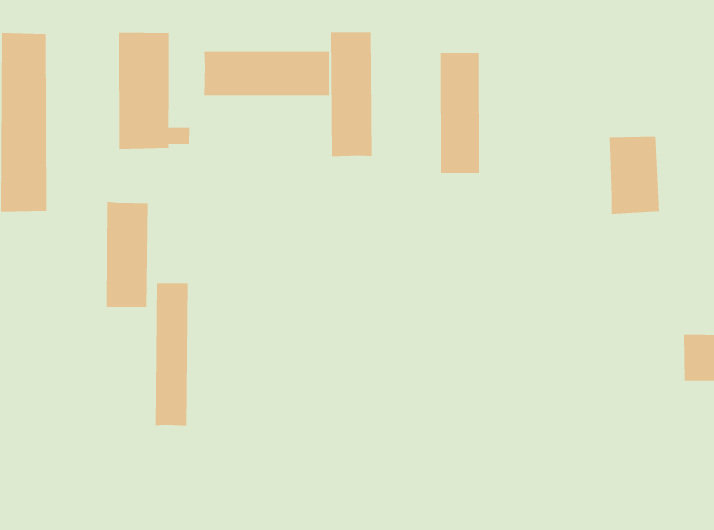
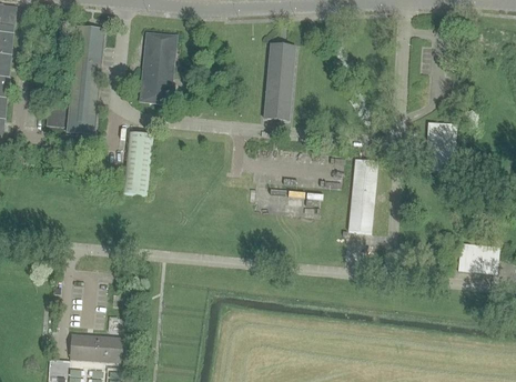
building: [204,51,330,96] -> none
building: [440,52,480,174] -> [348,159,378,232]
building: [155,283,188,426] -> none

